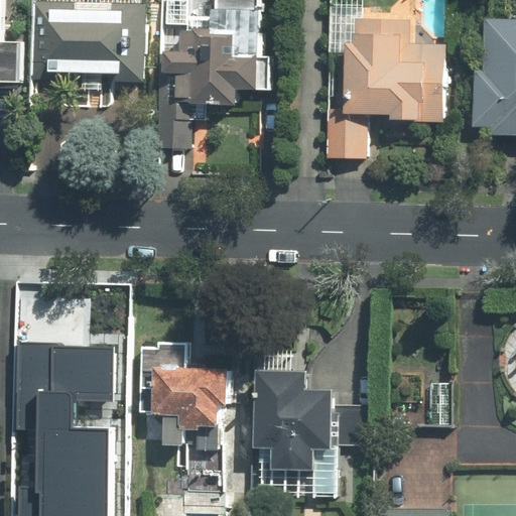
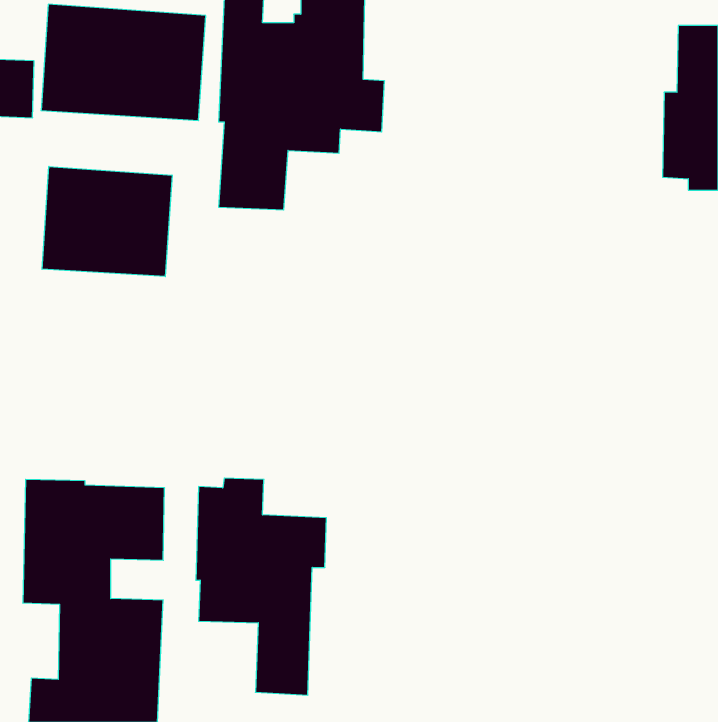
building: [325,17,444,158] -> none
building: none -> [42,166,172,277]
building: [255,368,361,469] -> none

